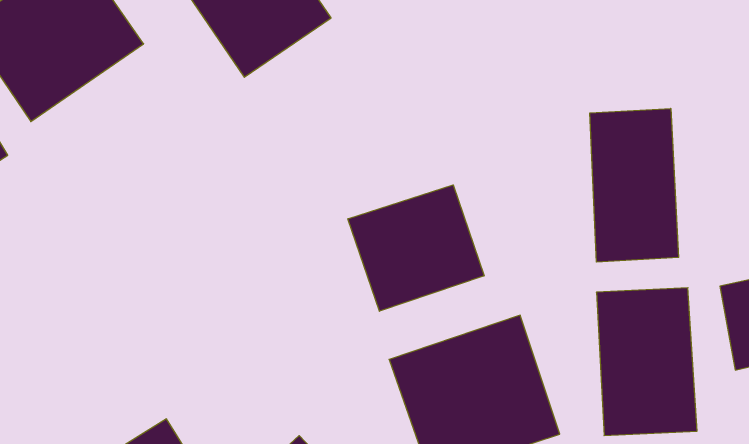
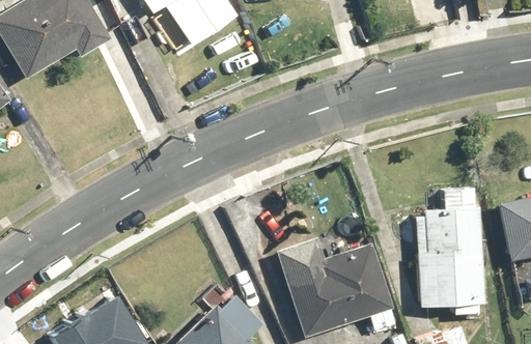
building: [590,108,679,262] -> none
building: [348,185,484,311] -> none

